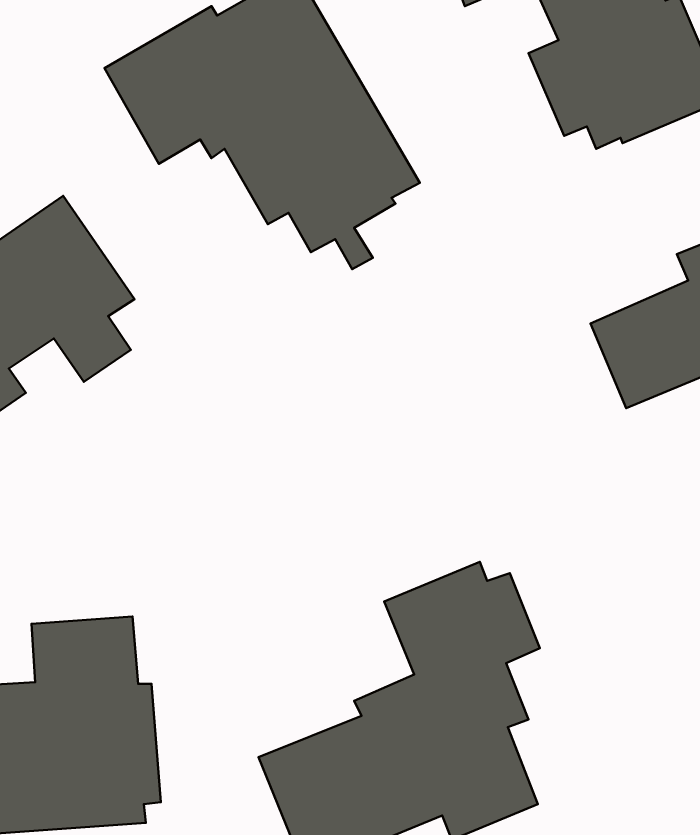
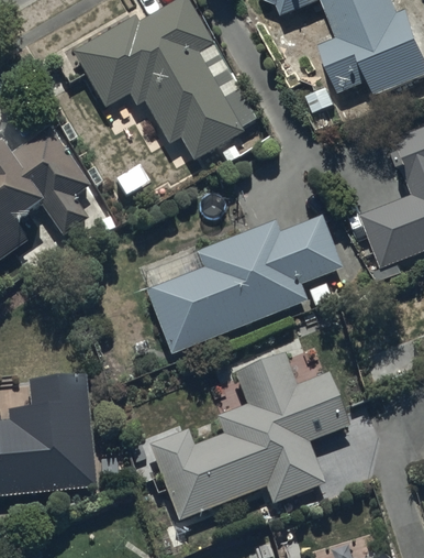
building: none -> [144,214,341,353]

